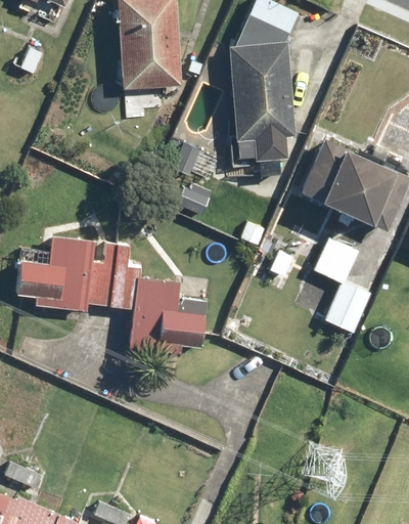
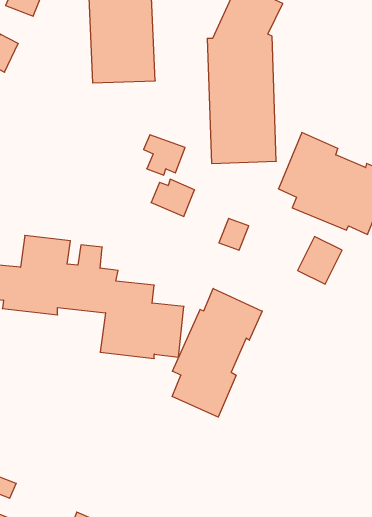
building: [325,279,374,333] -> none
building: none -> [172,288,262,417]

